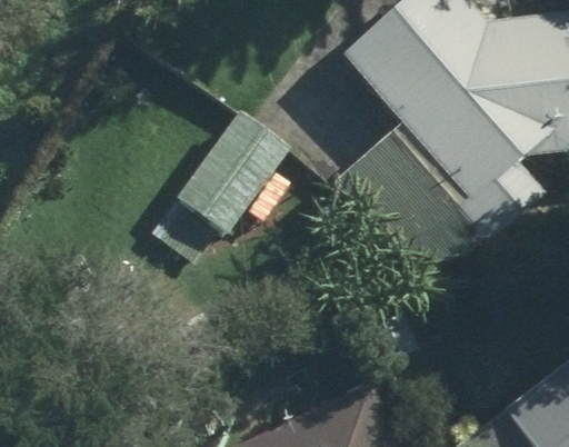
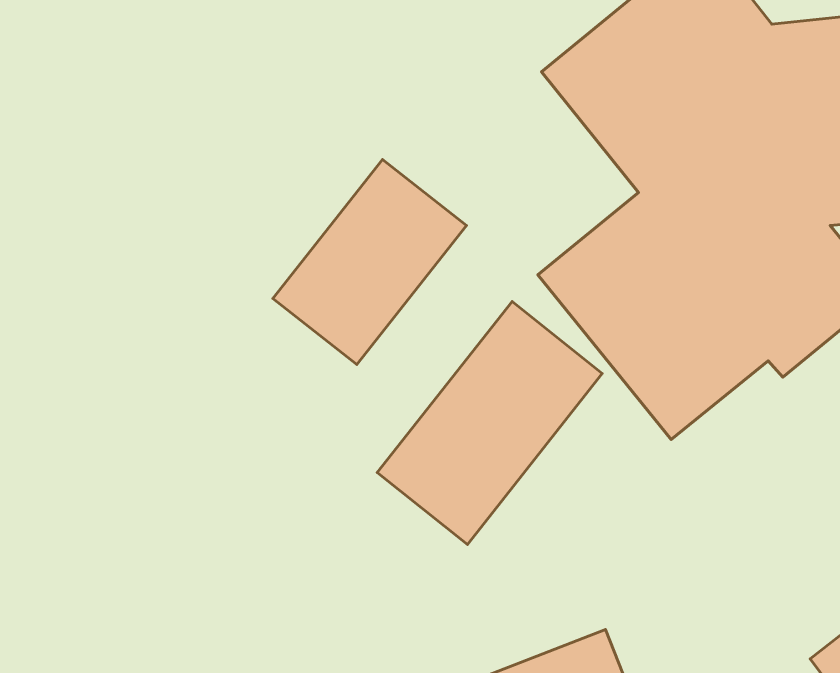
building: none -> [377,302,602,544]

